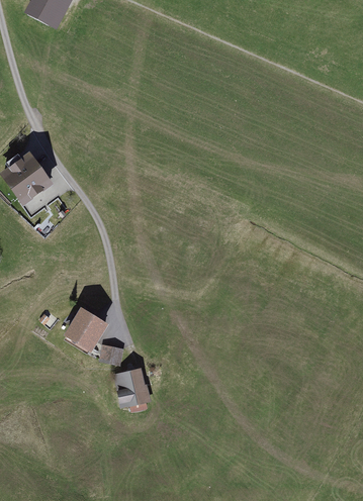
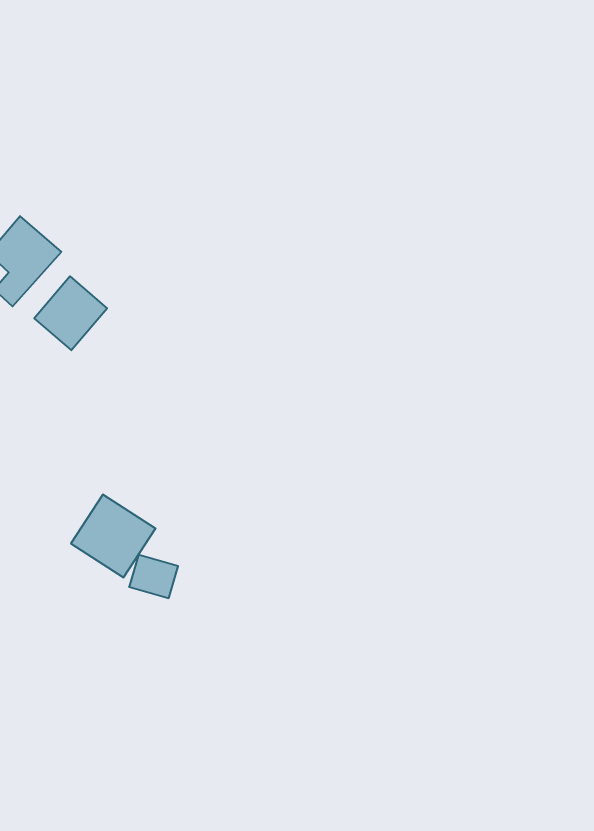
building: none -> [34,276,107,350]
building: [115,367,149,411] -> none

